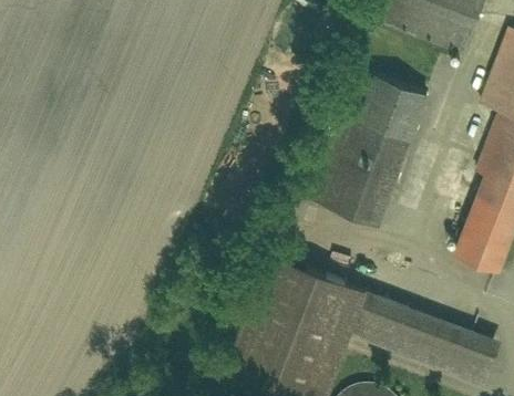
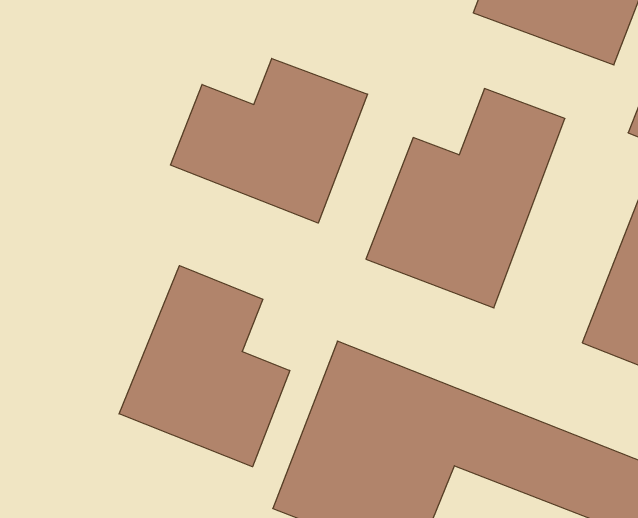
building: none -> [171,58,368,223]
building: none -> [119,266,290,467]

